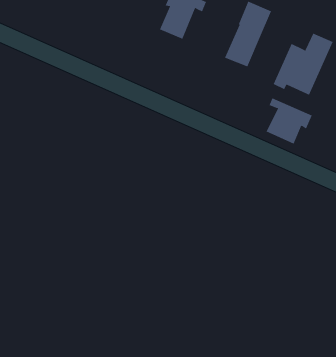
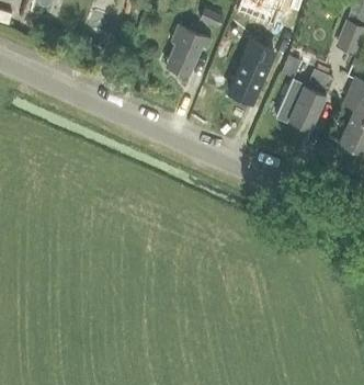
building: [266,97,312,144] -> none

